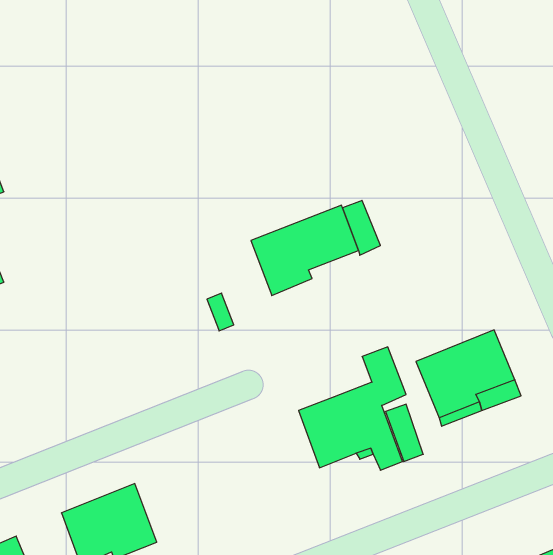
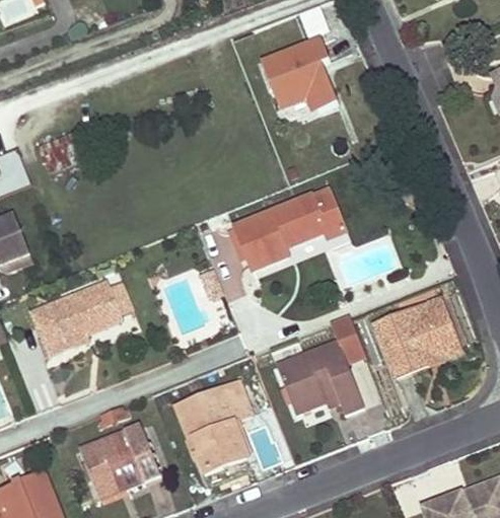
building: none -> [256,40,331,110]
building: none -> [32,283,121,357]
building: none -> [177,381,249,474]

